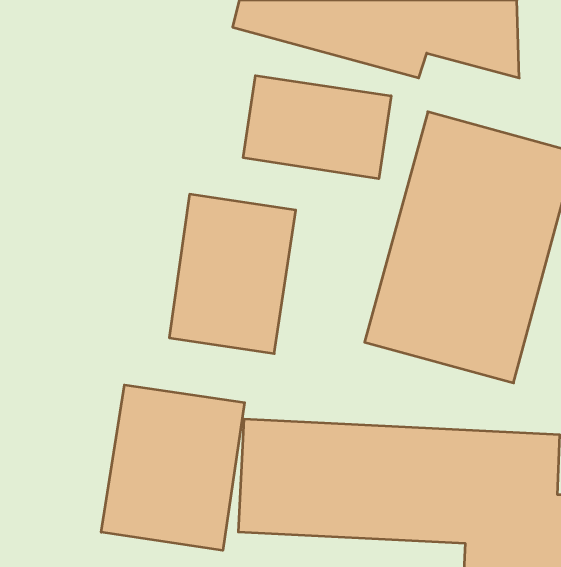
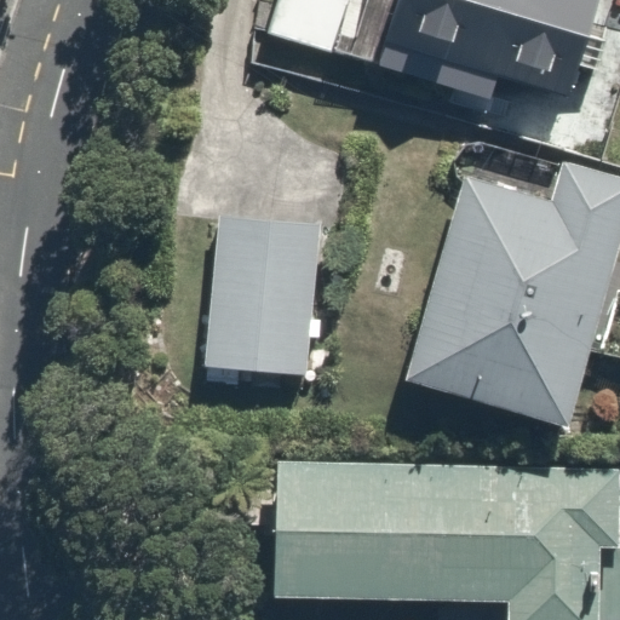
building: [243,76,391,179] -> none
building: [101,385,245,550] -> none

